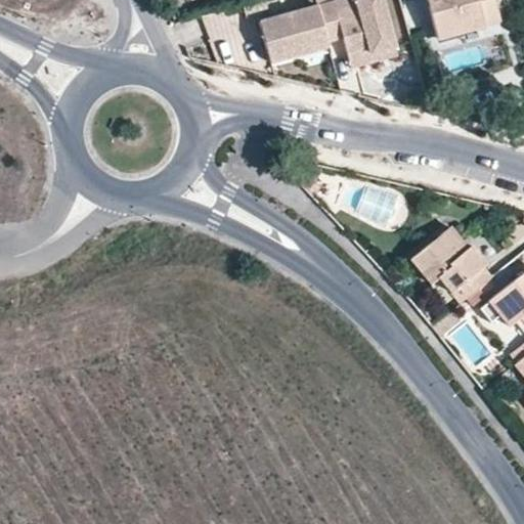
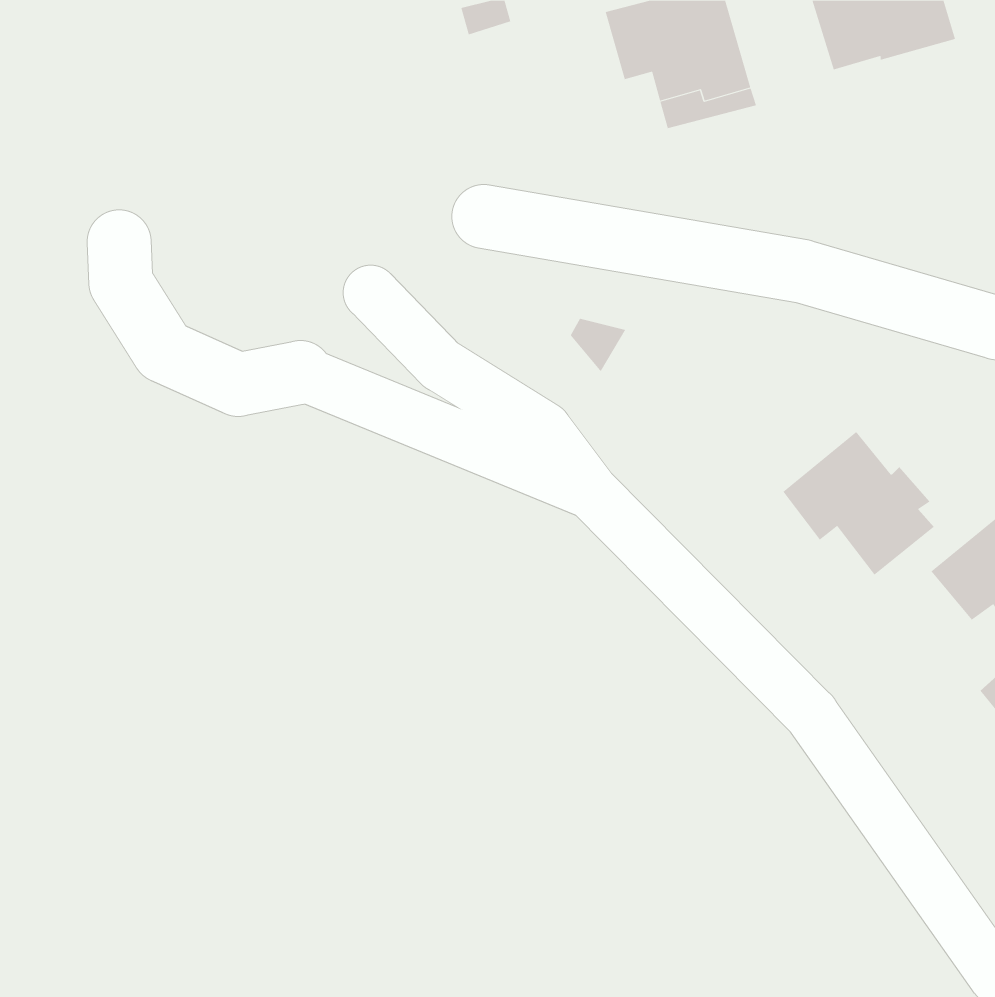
building: [260,6,330,61] -> none

